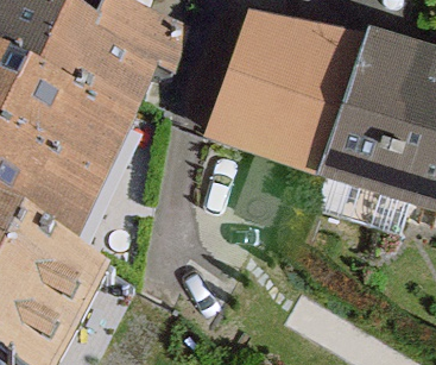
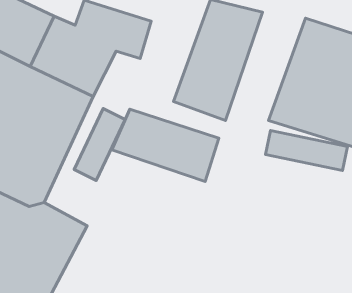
building: [276,19,371,163] -> none
building: none -> [112,109,219,182]

